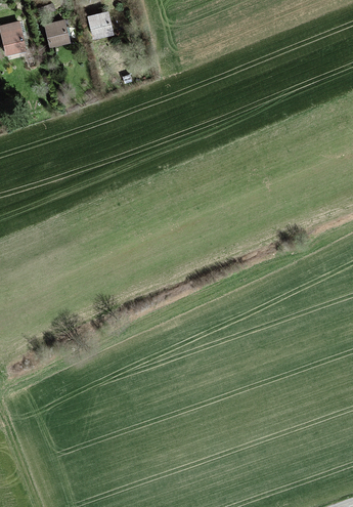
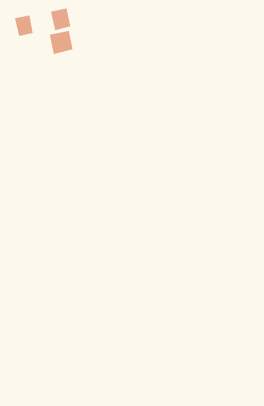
building: none -> [49,30,73,55]

